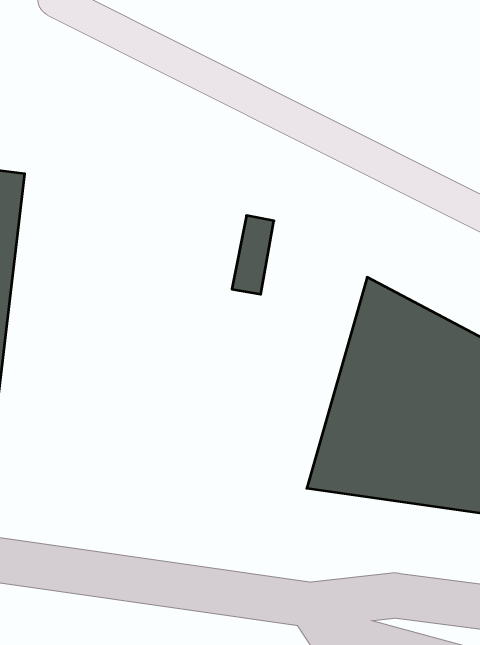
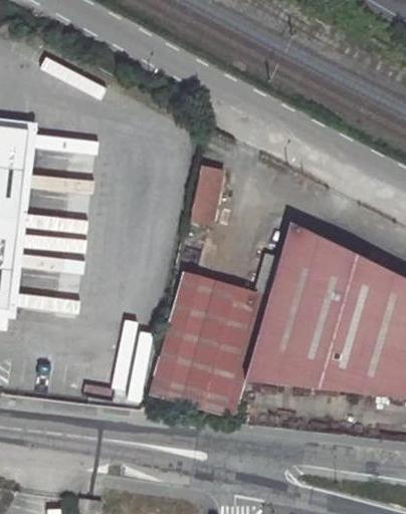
building: none -> [151,257,279,421]

